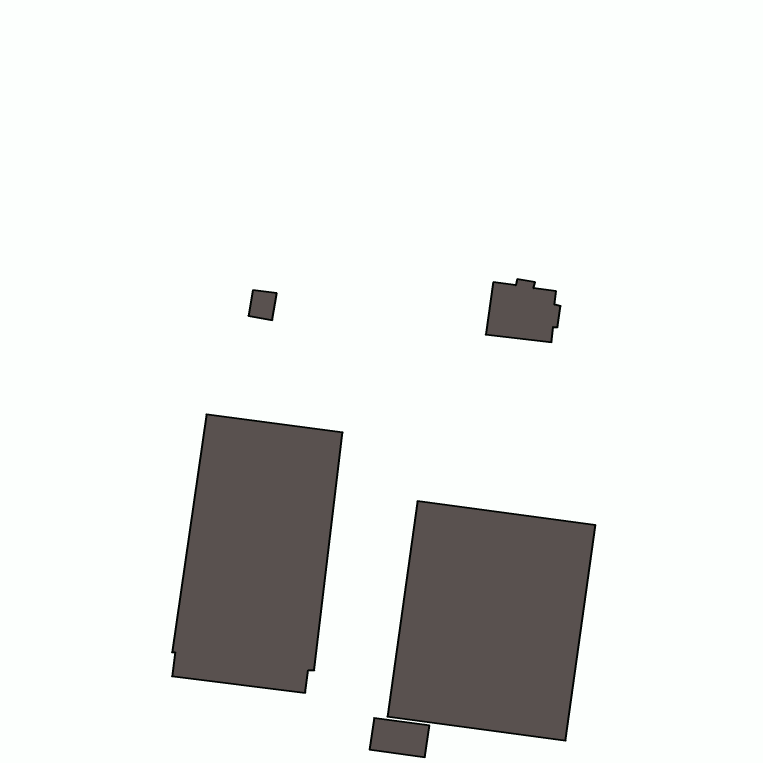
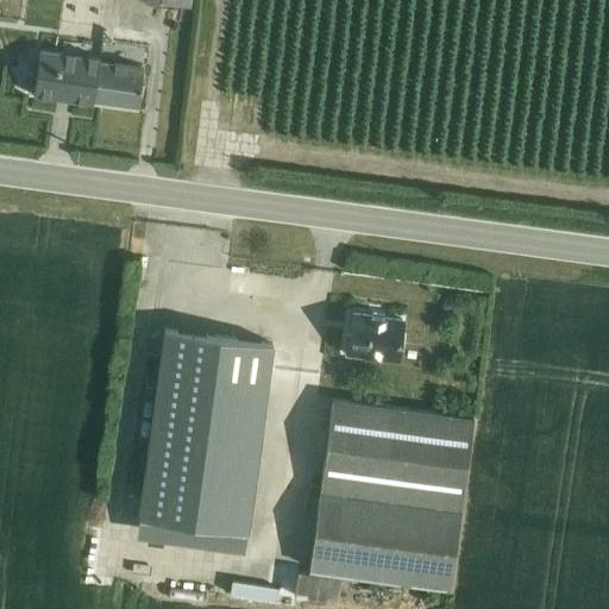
building: none -> [33,51,144,109]
building: [486,279,561,342] -> [347,312,407,362]

